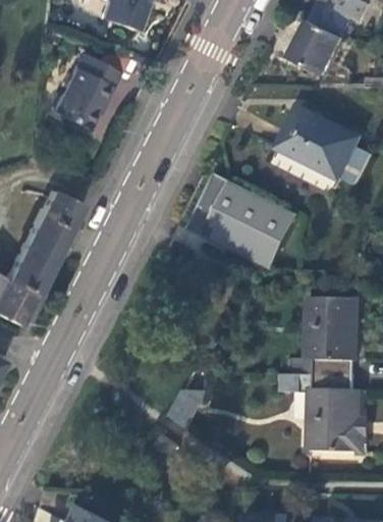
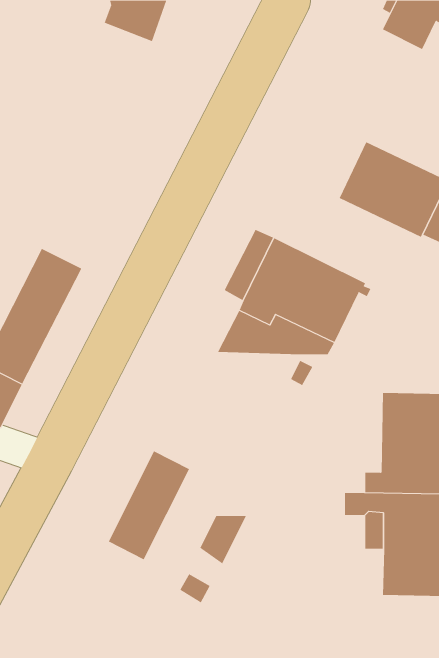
building: [293,23,346,76] -> none
building: [54,54,118,125] -> none
building: none -> [108,450,190,560]

